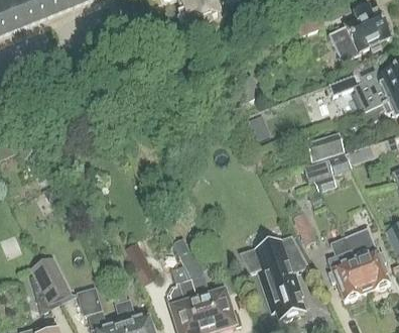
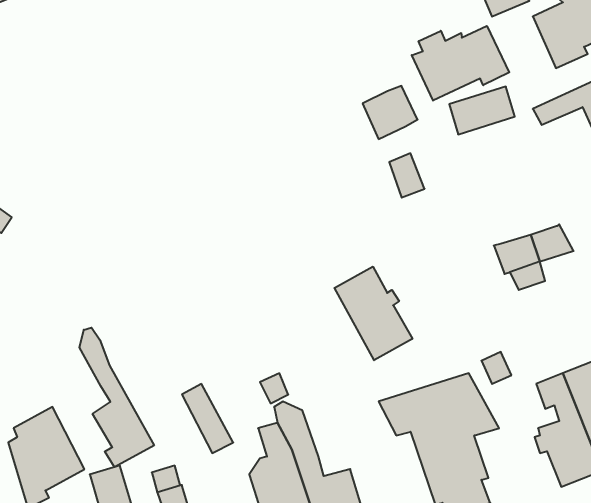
building: none -> [412,26,509,101]
building: [309,131,347,158] -> [449,87,515,134]
building: none -> [334,267,412,360]
building: none -> [80,328,154,467]

